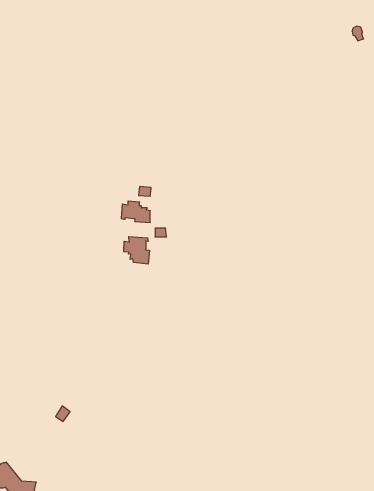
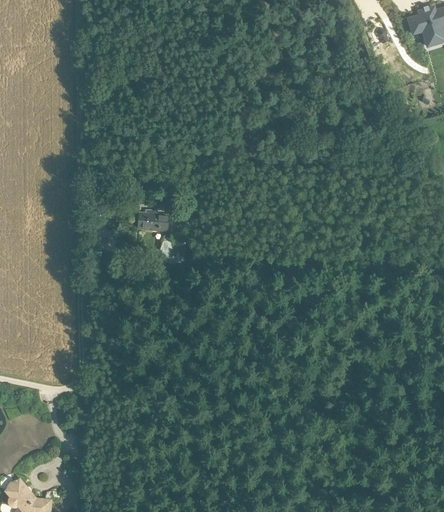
building: [124,237,149,264] -> none

